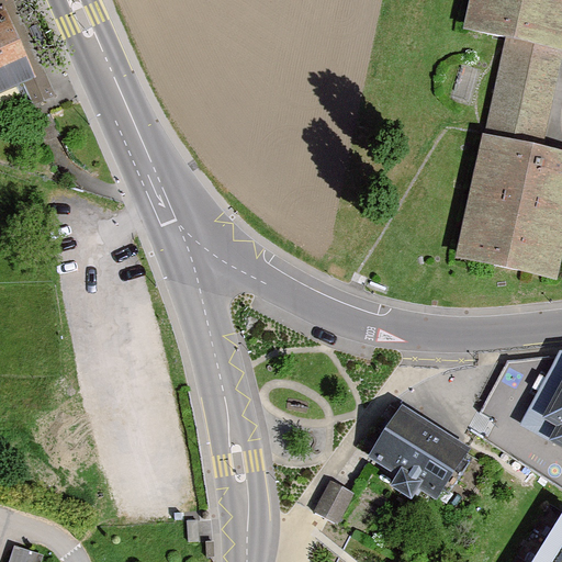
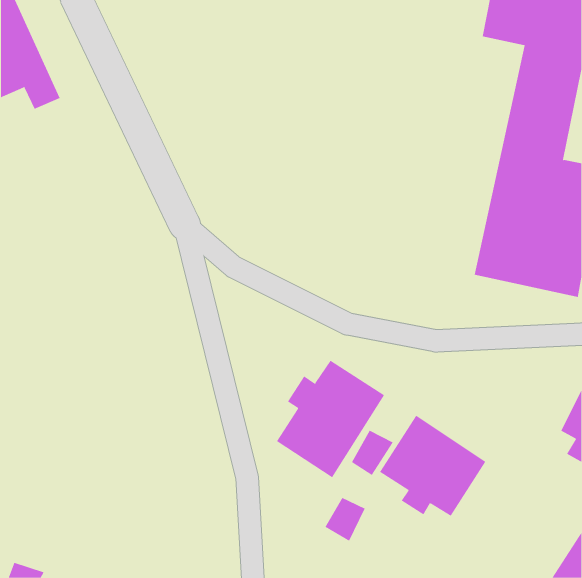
building: none -> [276,360,385,478]
building: none -> [351,430,393,476]

